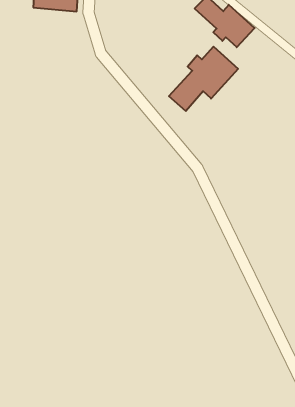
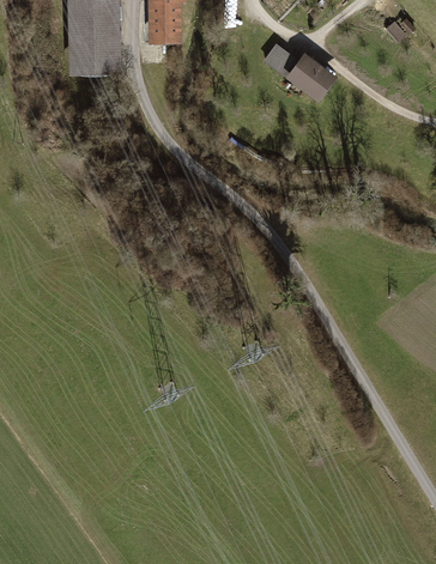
building: [169,47,238,111] -> none

